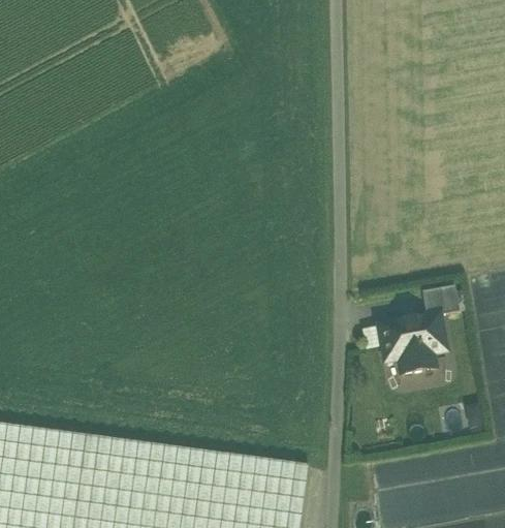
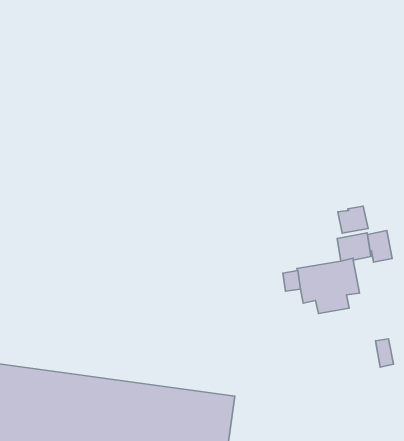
building: none -> [338,206,368,233]
building: none -> [367,230,392,262]

